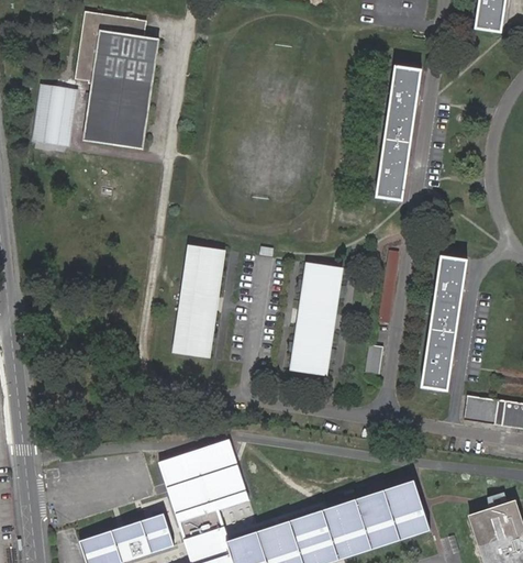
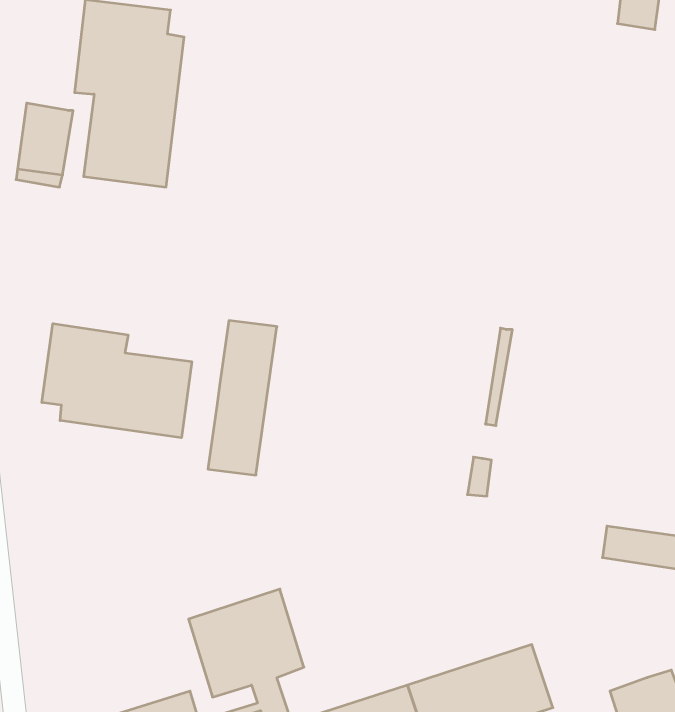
building: [376,66,420,200] -> none
building: none -> [42,324,192,438]
building: [421,256,466,389] -> none
building: [292,262,343,376] -> none

